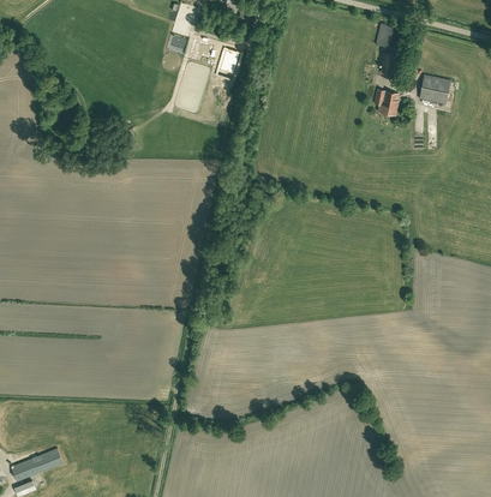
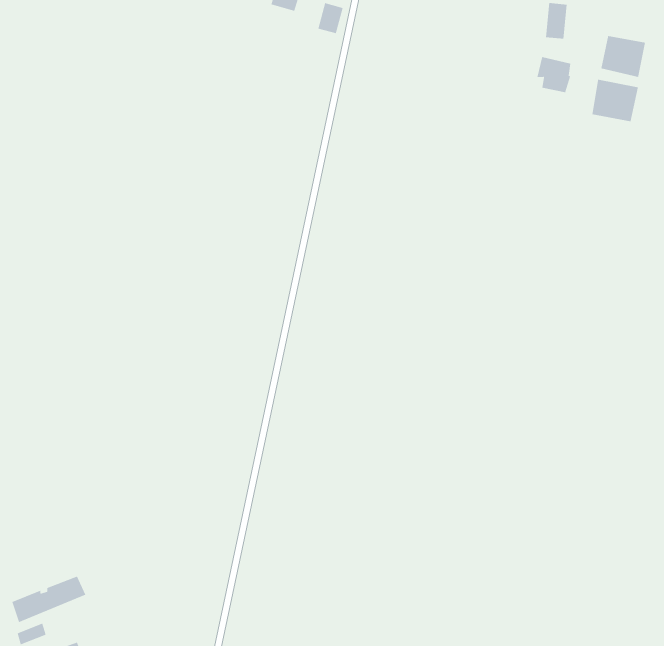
building: none -> [592,79,639,122]

